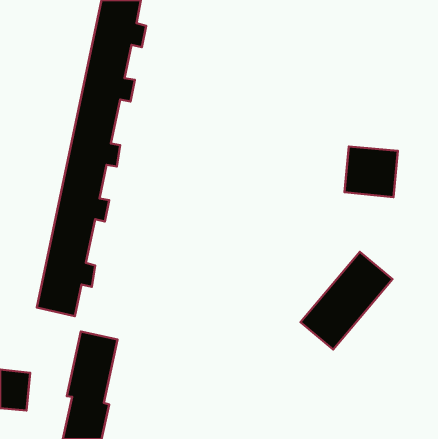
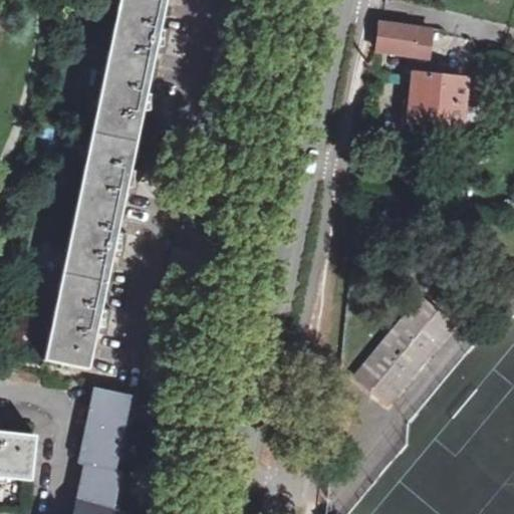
building: none -> [372,17,433,58]
building: [345,147,398,197] -> [405,69,467,128]

